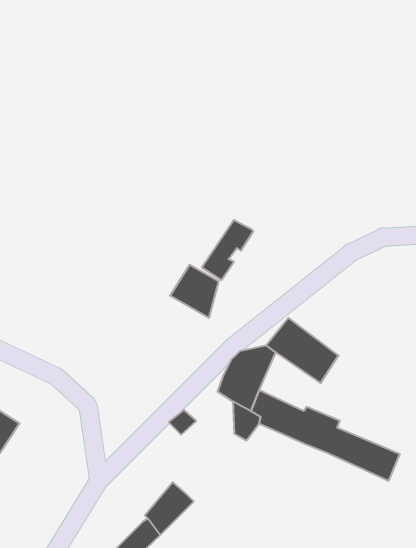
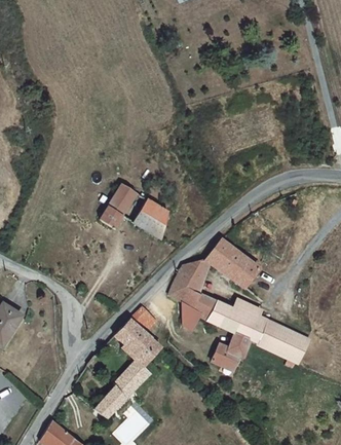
building: [202,220,253,280] -> [99,185,137,229]
building: none -> [113,319,158,368]
building: none -> [211,332,249,367]

